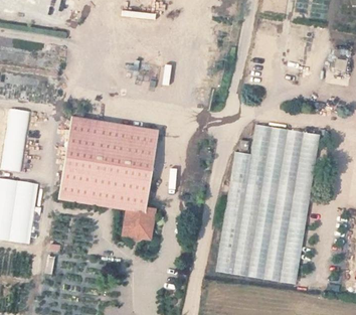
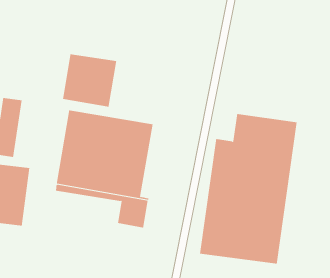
building: none -> [62,54,117,108]

